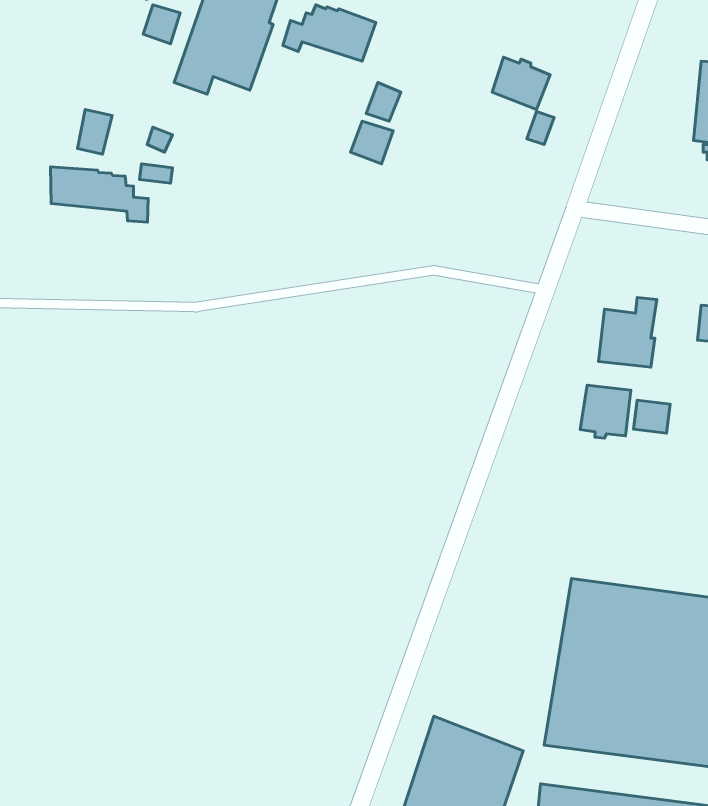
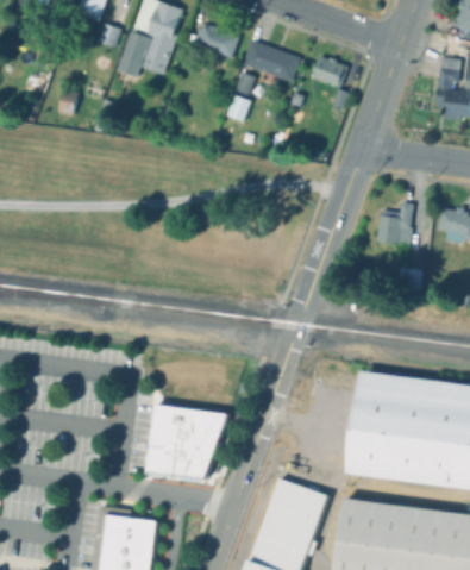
building: none -> [243,39,300,81]
building: [50,167,148,222] -> none
building: [580,385,631,438] -> none
building: none -> [146,403,228,477]

